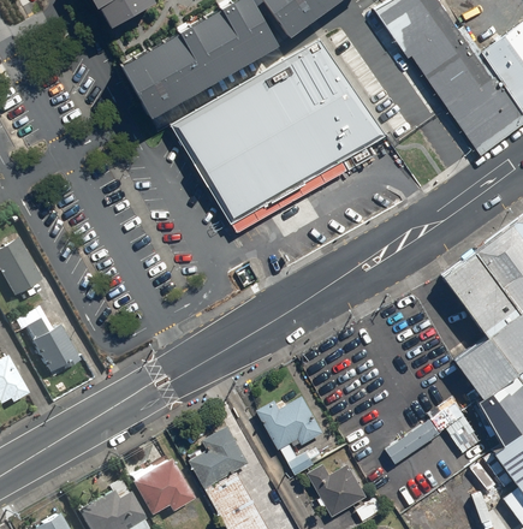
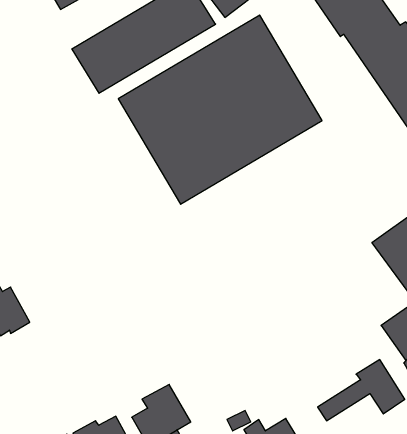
building: [255,391,325,458] -> none

